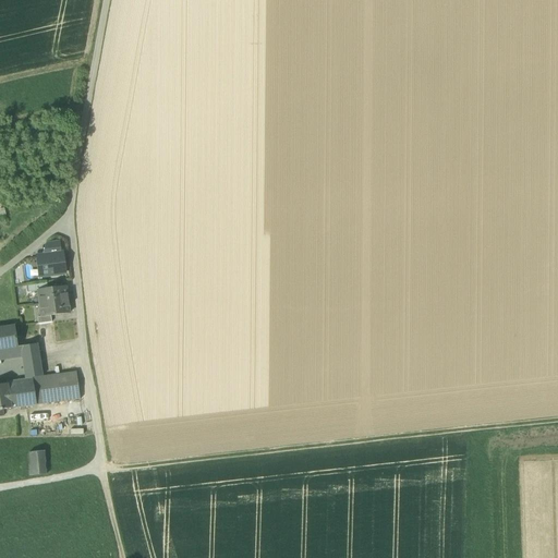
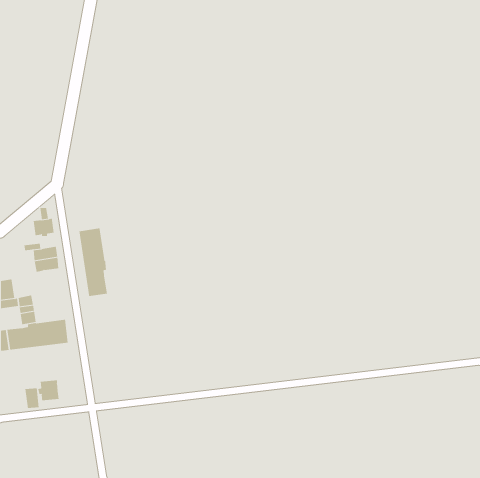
building: none -> [79,227,107,297]
building: none -> [38,380,59,401]

